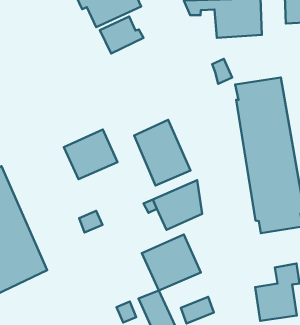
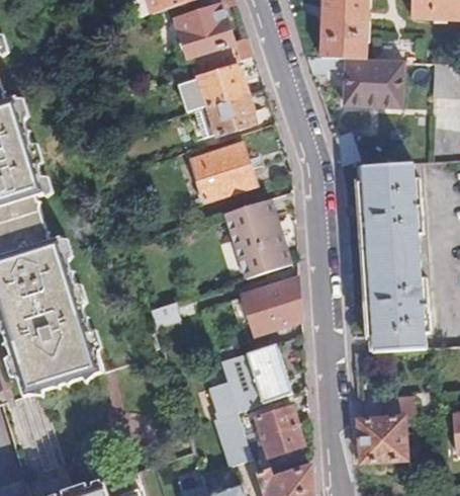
building: none -> [195,94,256,140]
building: [64,130,117,179] -> [190,145,255,203]
building: none -> [257,405,298,435]

